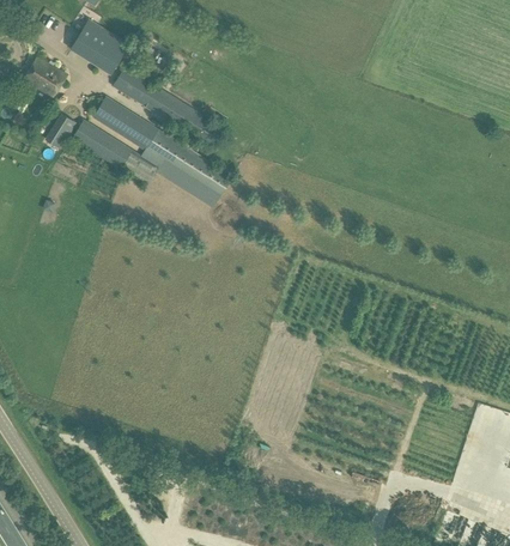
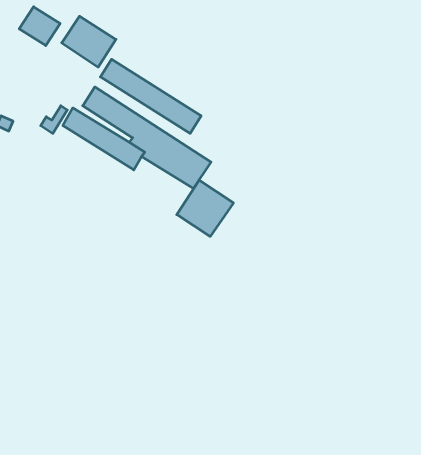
building: [22,55,66,97] -> [19,7,60,46]
building: none -> [177,180,233,236]

